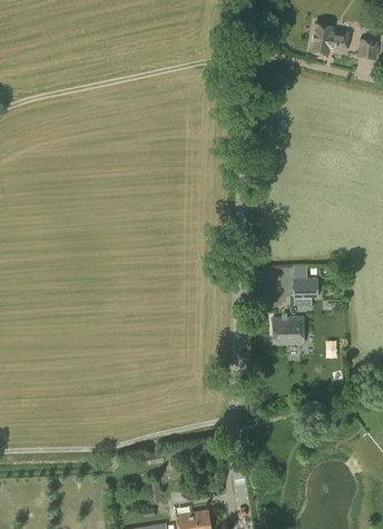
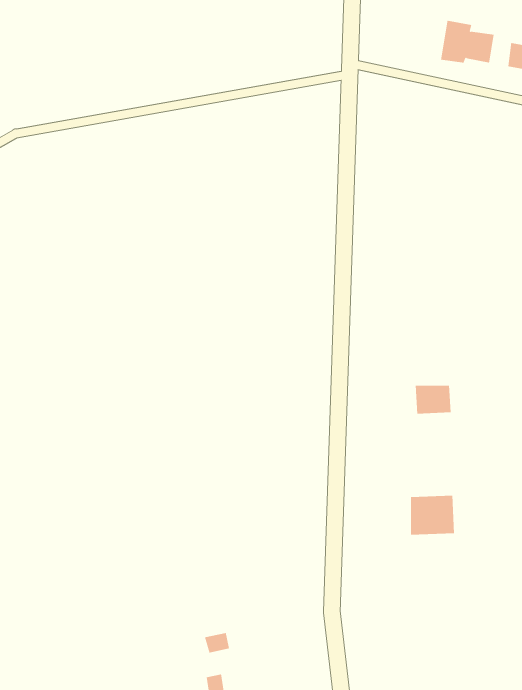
building: [273,316,304,344] -> [410,495,455,535]

